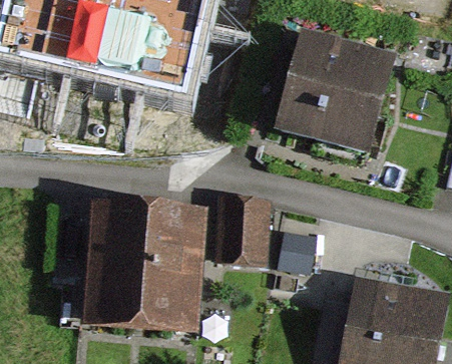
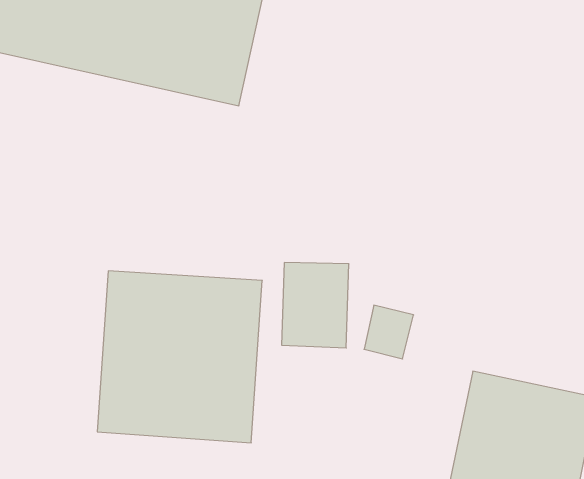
building: [278,34,392,153] -> none

